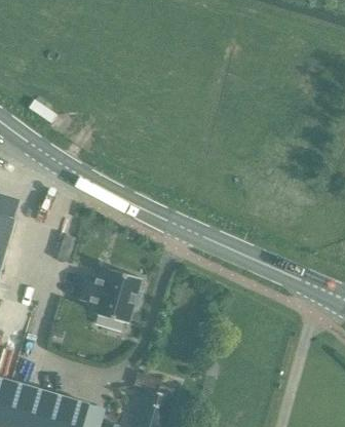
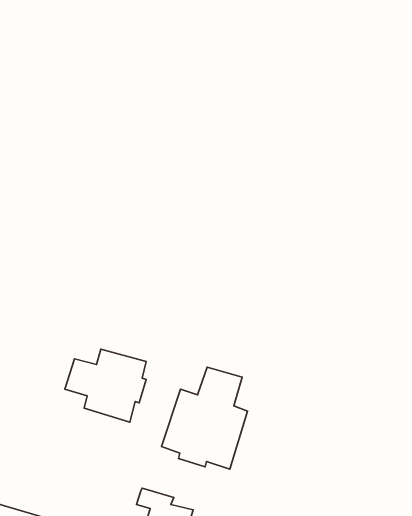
building: none -> [162,367,247,469]

